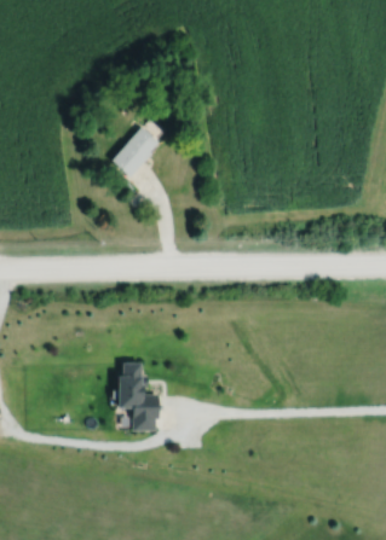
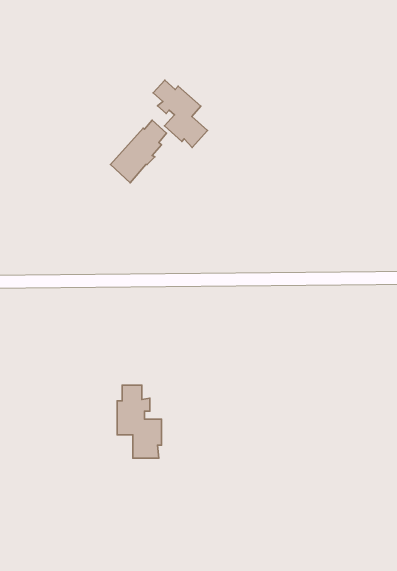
building: none -> [153,80,207,148]

